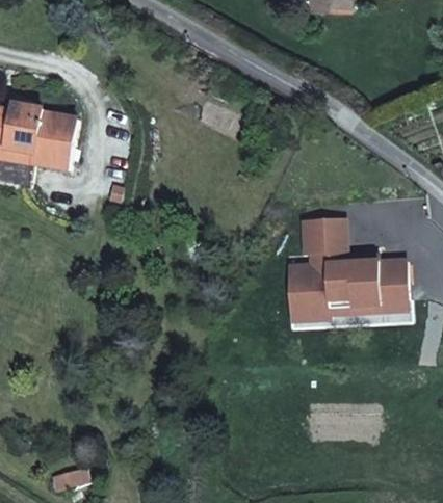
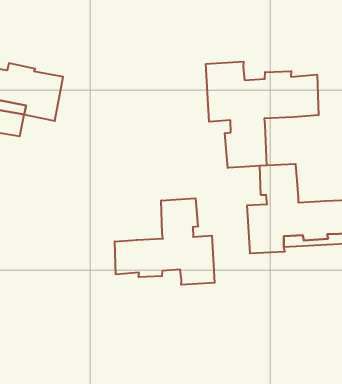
building: none -> [206,62,318,168]
building: none -> [115,198,215,285]

